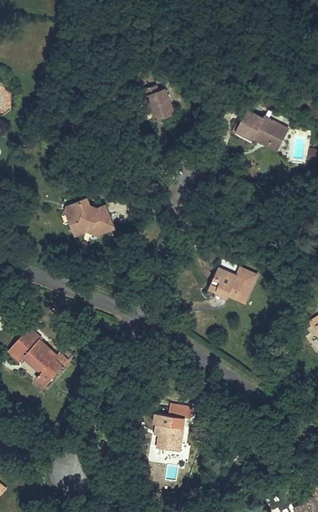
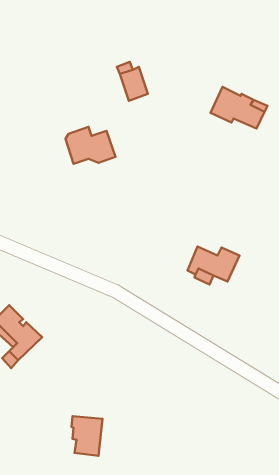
building: [62,199,112,236] -> [66,127,115,164]
building: [149,411,180,451] -> [72,416,102,456]

